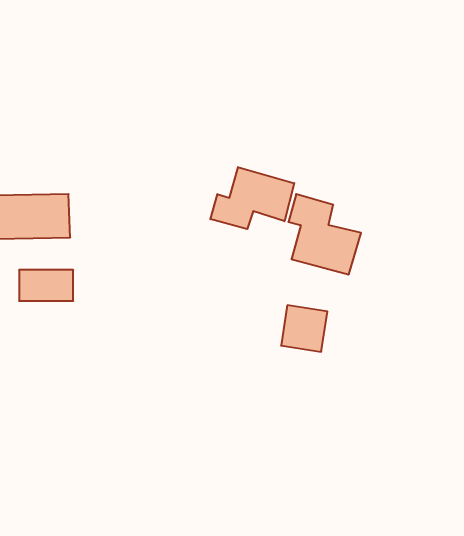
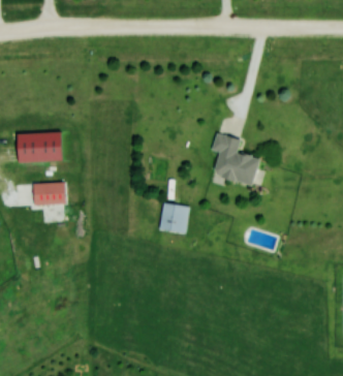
building: [210,167,294,229] -> none
building: [281,305,327,352] -> [159,202,190,233]

